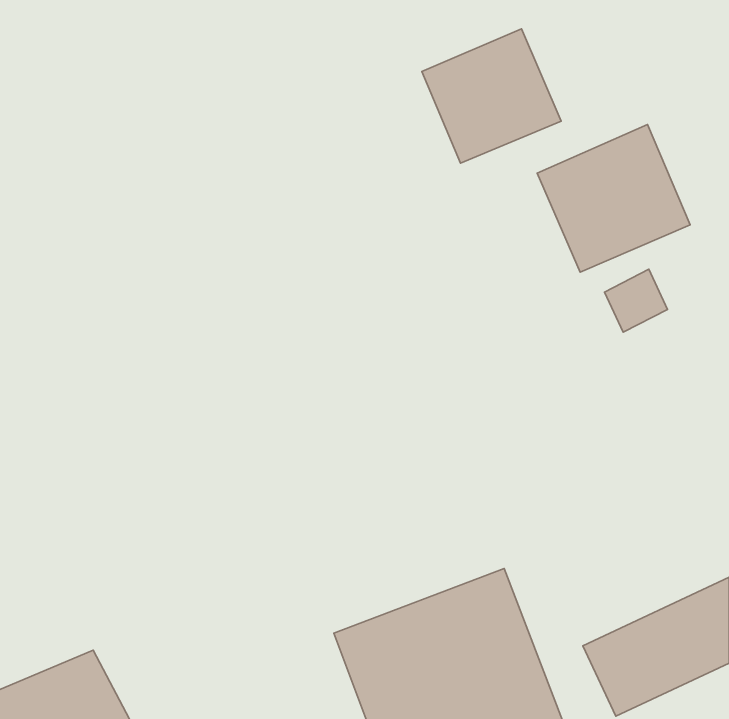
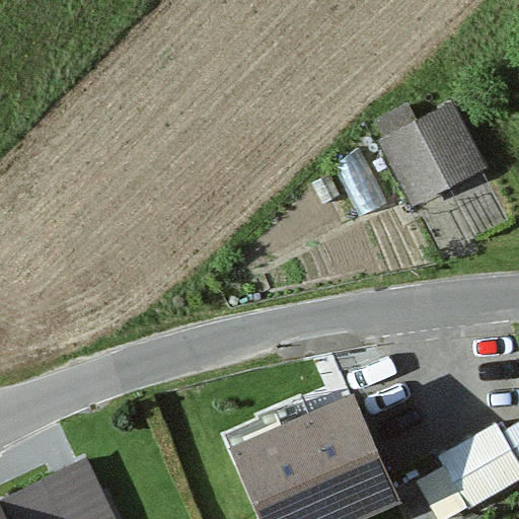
building: [422,29,561,163] -> none

